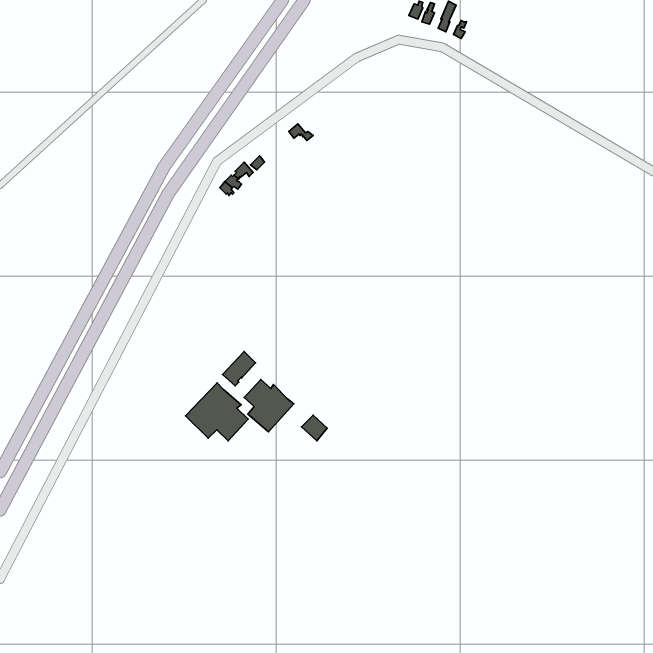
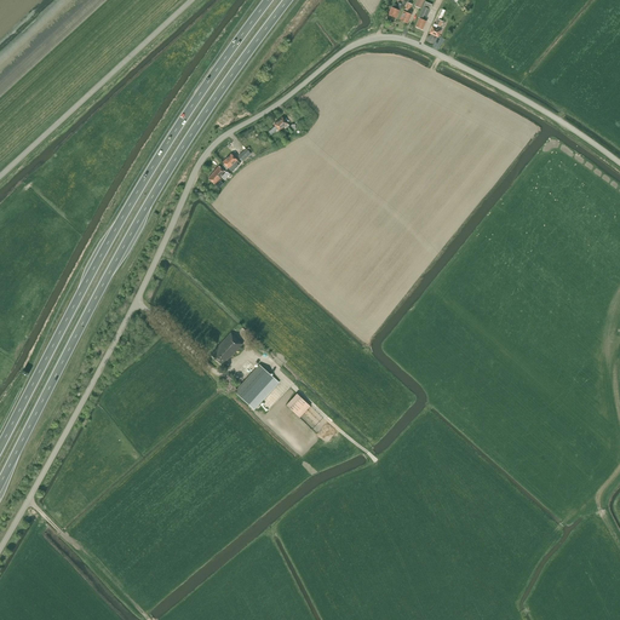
building: [186,383,248,441] -> none

